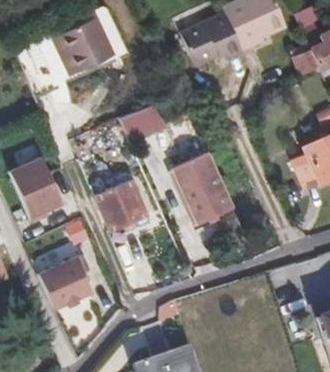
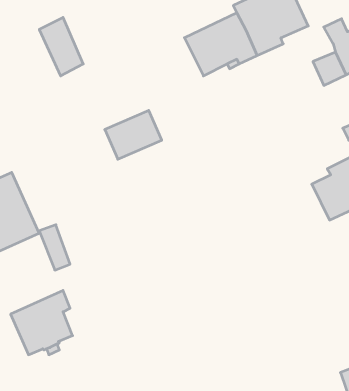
building: [80,13,116,60] -> none
building: [176,155,234,225] -> none
building: [92,178,143,229] -> none

